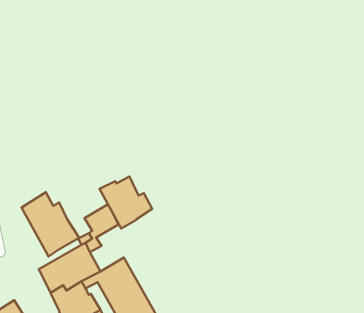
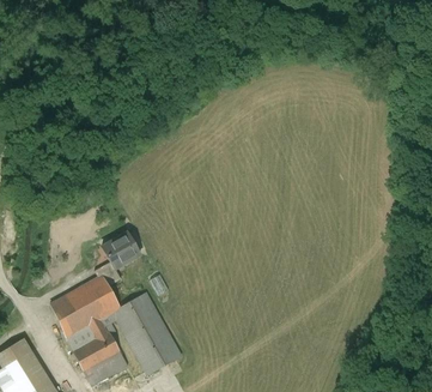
building: [99,176,152,229] -> none
building: [21,192,79,256] -> none

